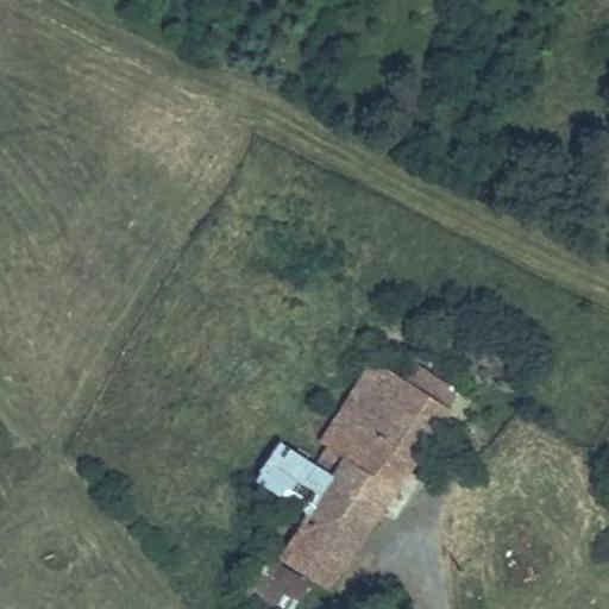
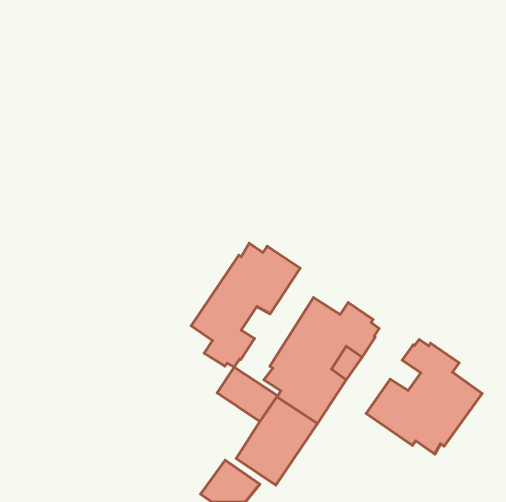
building: none -> [191,243,300,367]
building: none -> [366,340,482,454]

